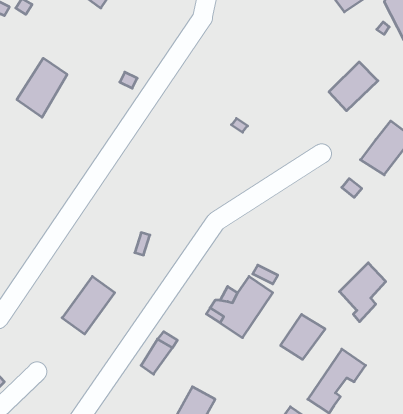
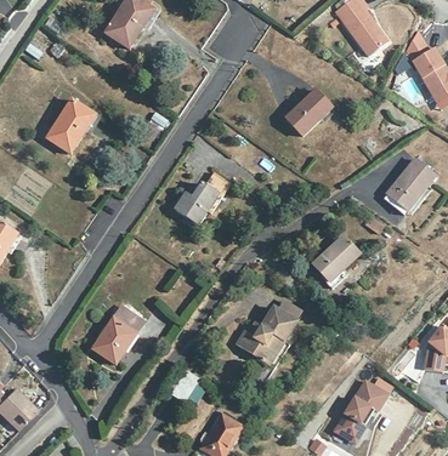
building: [329,62,378,111] -> [289,86,336,133]
building: none -> [177,169,233,221]
building: [339,263,386,322] -> [310,234,355,291]
building: [281,314,325,359] -> none

